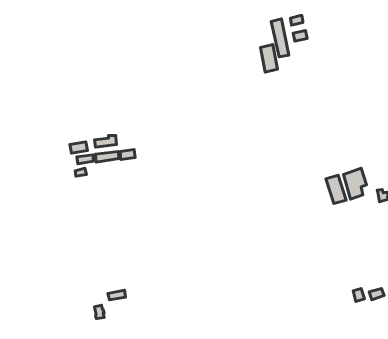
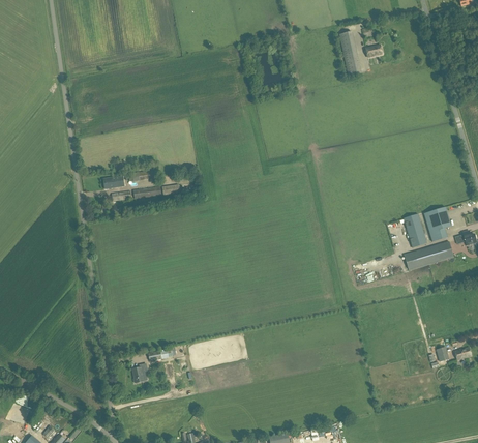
building: [260,45,278,72] -> none
building: none -> [405,241,454,270]

